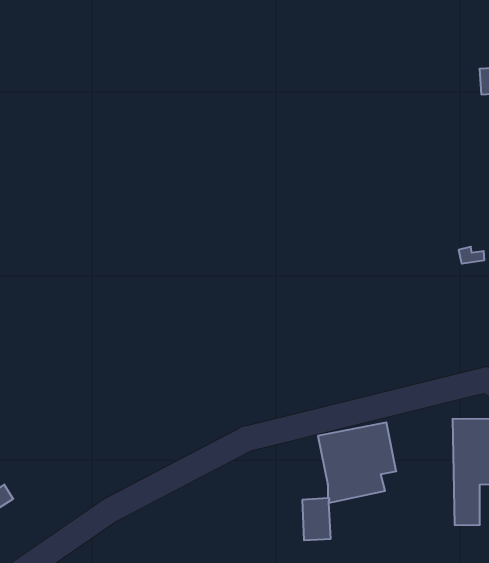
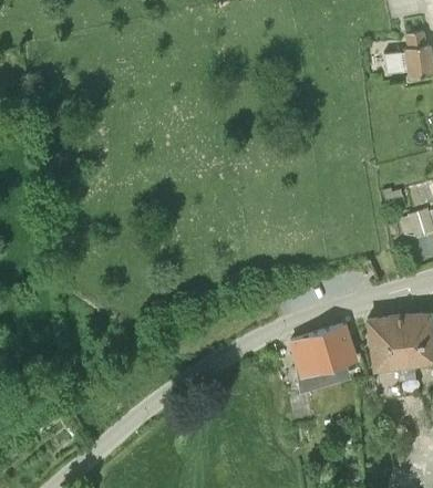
building: none -> [368,318,401,398]

